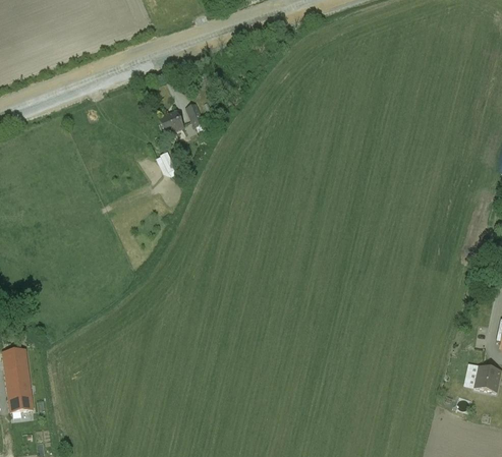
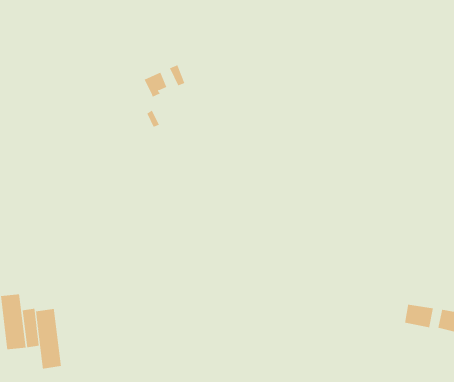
building: none -> [404,304,433,328]
building: none -> [35,308,61,369]

